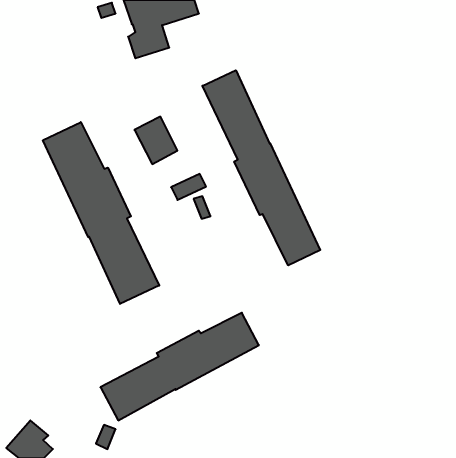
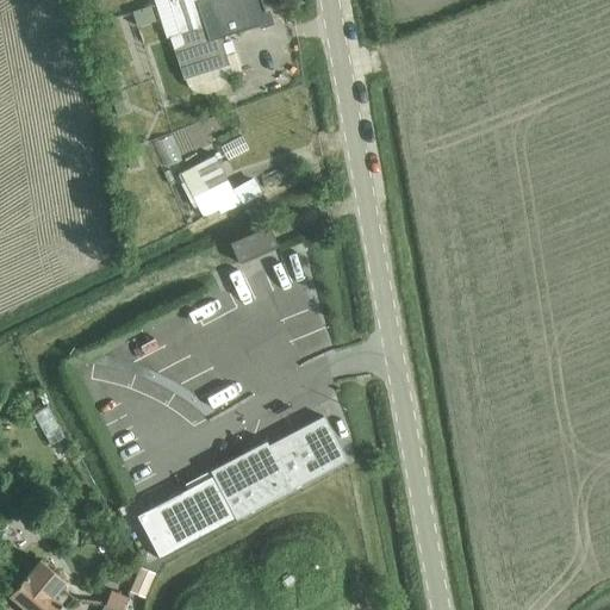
building: [202,70,320,265] -> none
building: [43,122,159,304] -> none

